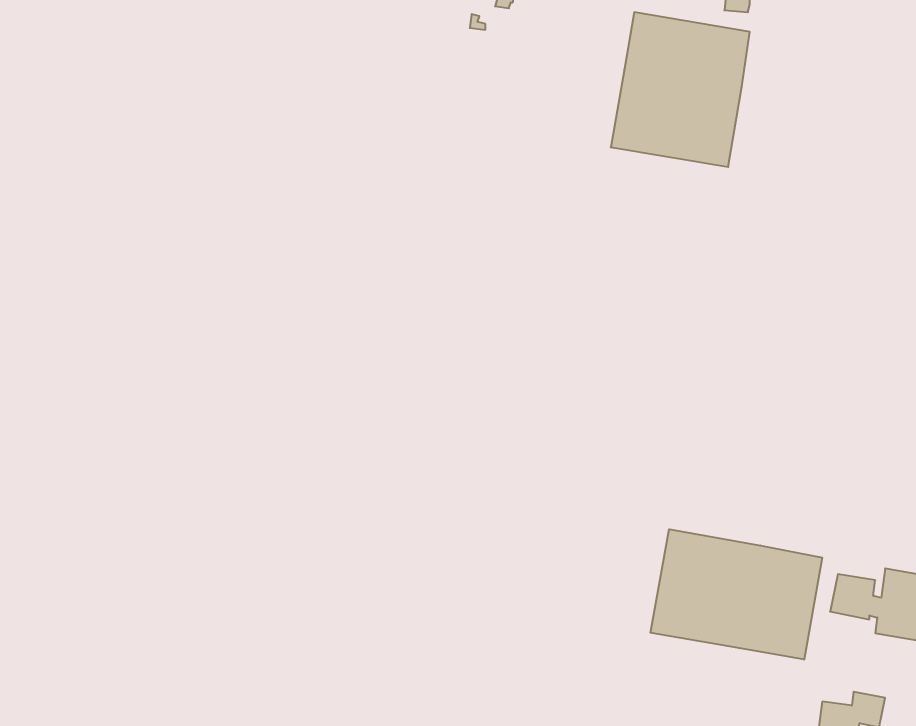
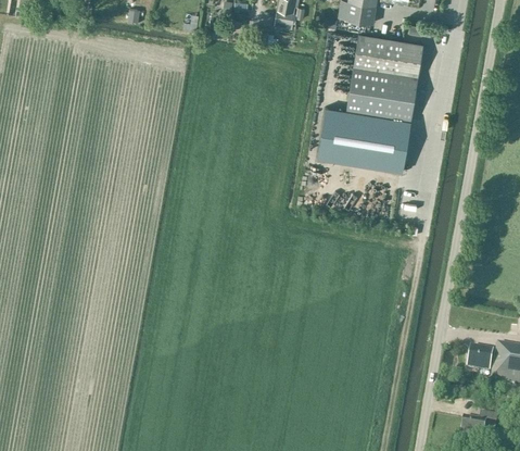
building: none -> [317,109,410,174]
building: [650,529,822,660] -> none

